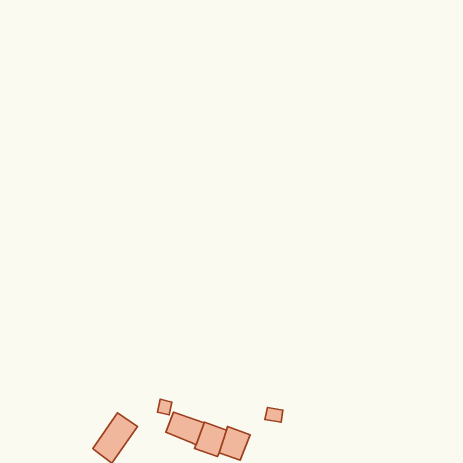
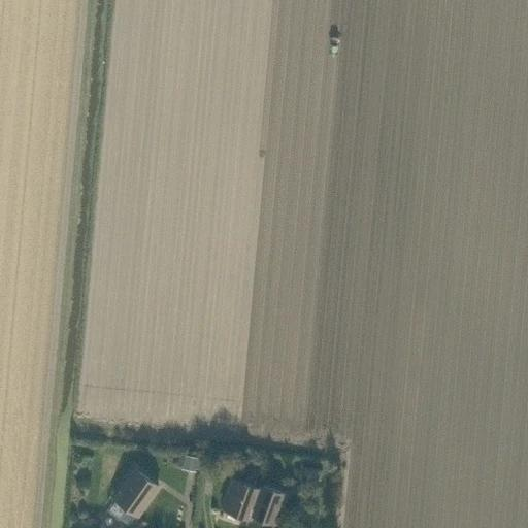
building: [166,412,204,445] -> none

